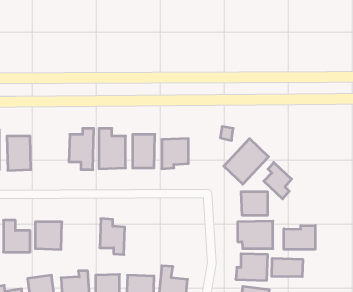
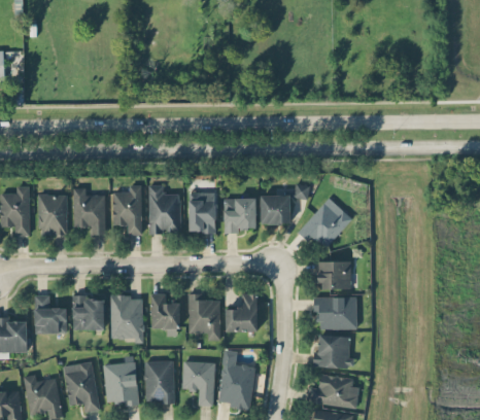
building: none -> [73,187,105,234]
building: none -> [260,196,289,224]
building: [264,162,292,199] -> none
building: none -> [187,293,219,341]
building: none -> [225,293,258,331]
building: none -> [110,294,143,343]
building: [284,225,315,249] -> none
building: [272,258,303,277] -> none

